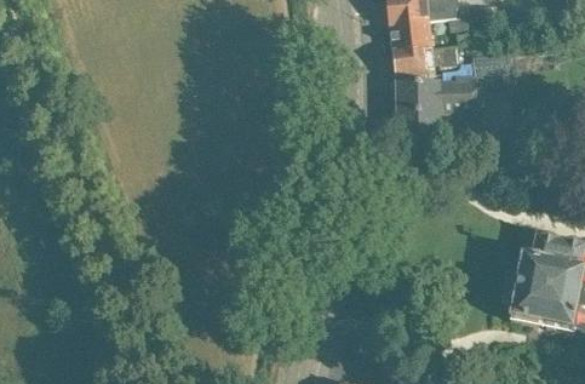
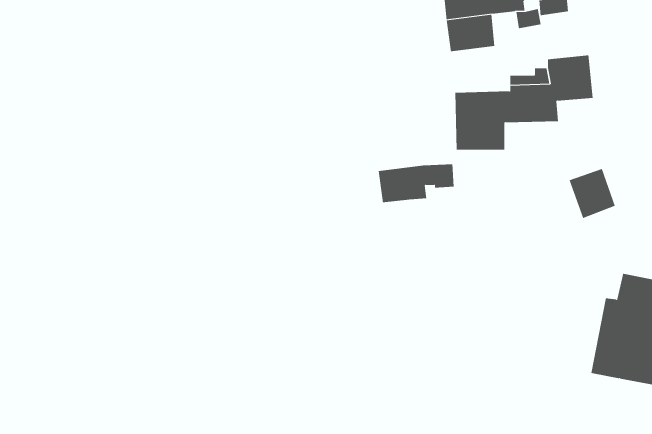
building: [391,42,455,75] -> [378,164,455,203]
building: none -> [569,168,615,219]

